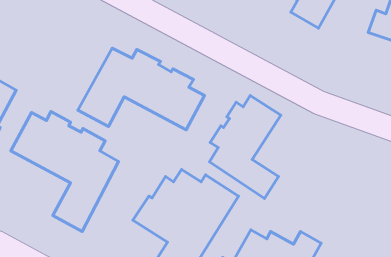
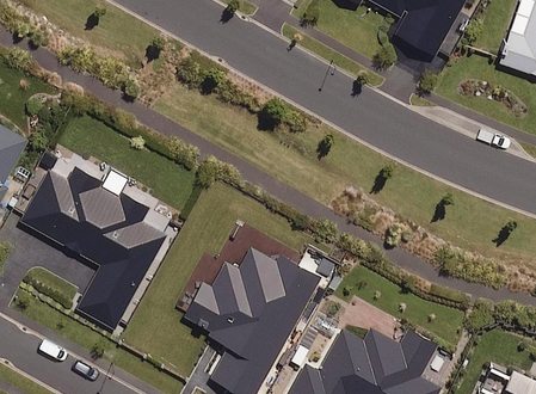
building: [78,48,205,130] -> none
building: [209,96,281,198] -> none

